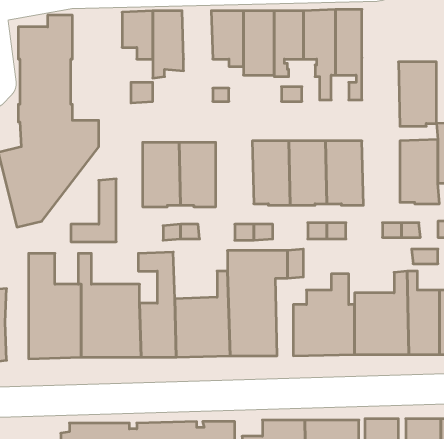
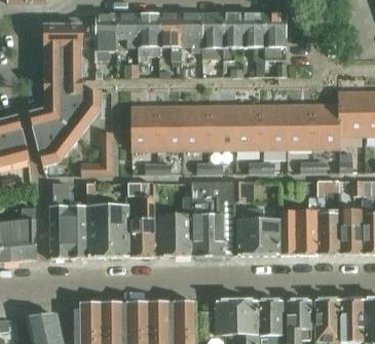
building: none -> [159,13,181,60]
building: none -> [96,14,118,61]
building: [398,62,436,126] -> [286,105,312,150]
building: none -> [183,105,210,151]

